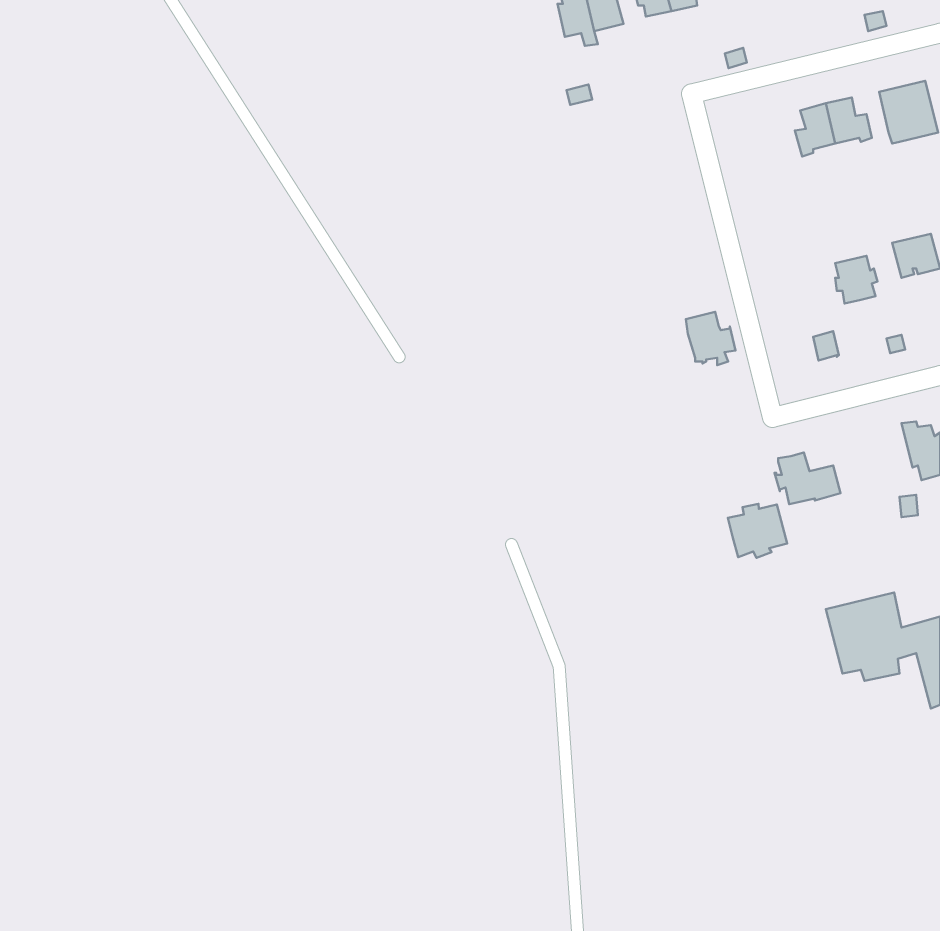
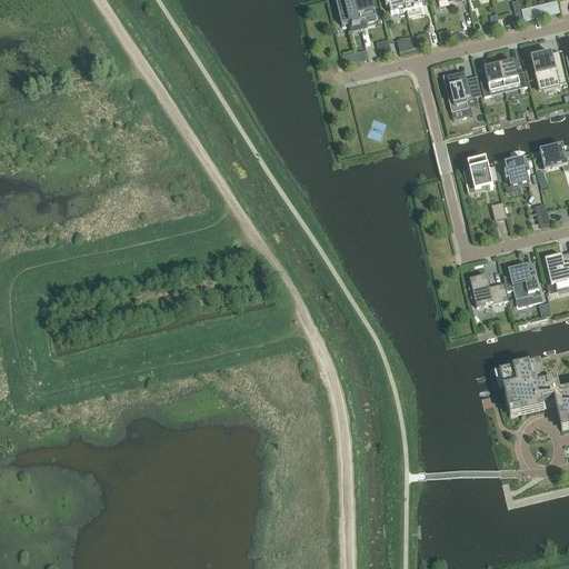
building: none -> [442,70,481,110]
building: [686,312,736,365] -> [468,154,498,187]
building: none -> [508,262,541,297]
building: [728,504,787,558] -> none

